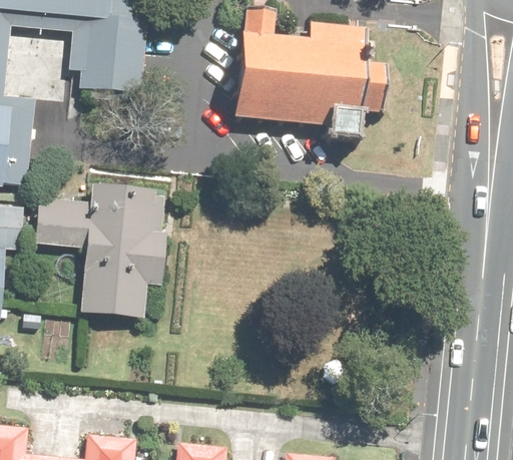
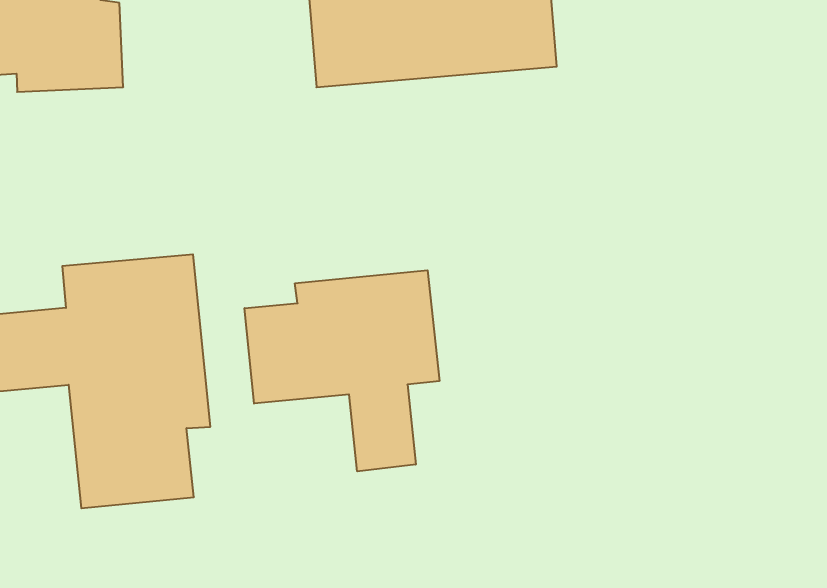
building: none -> [245,270,439,471]

